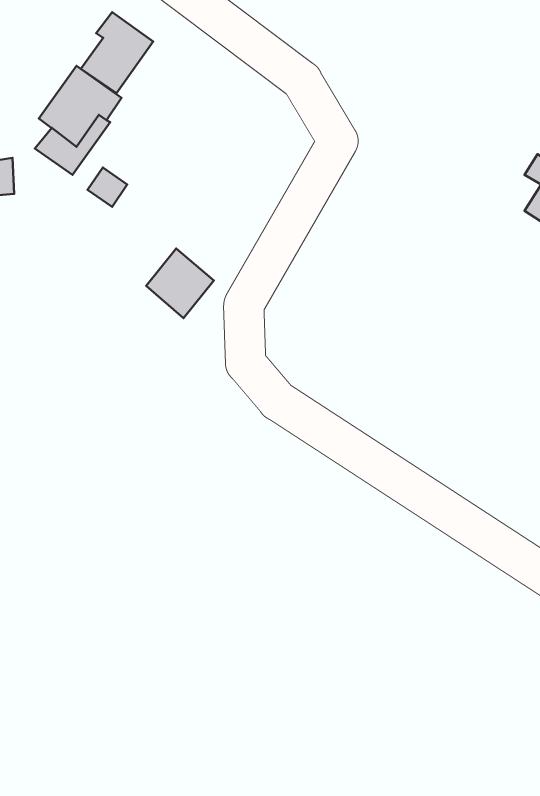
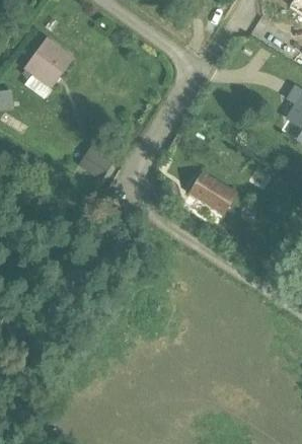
building: [81,12,153,93] -> none
building: none -> [188,171,235,213]

